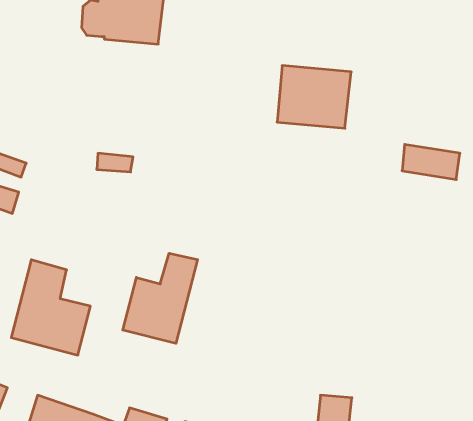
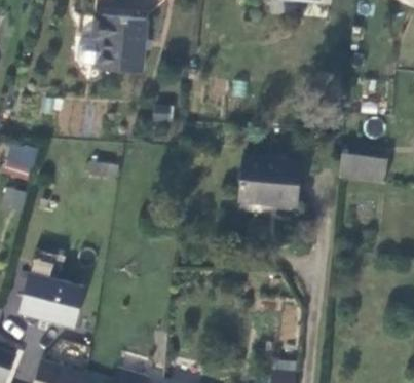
building: [277,66,351,128] -> [239,156,300,207]
building: [123,253,198,343] -> none

